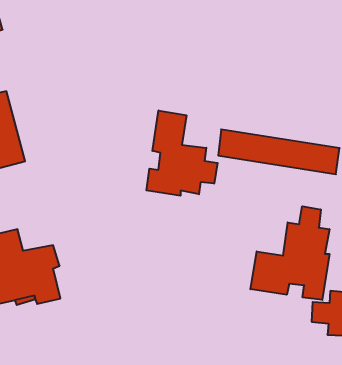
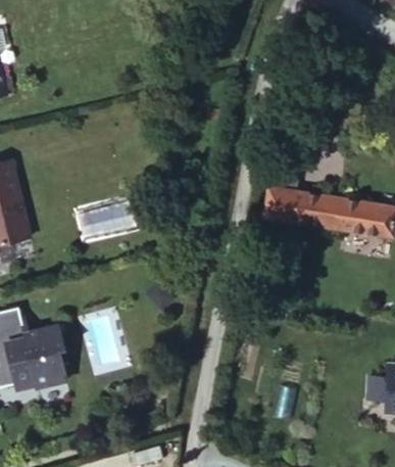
building: [146,110,218,196] -> none
building: [250,206,329,300] -> none

